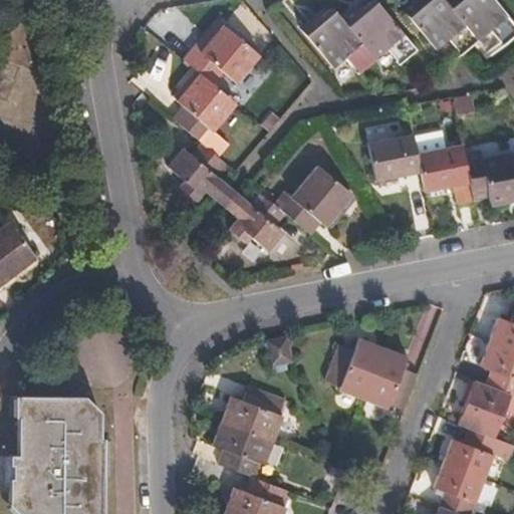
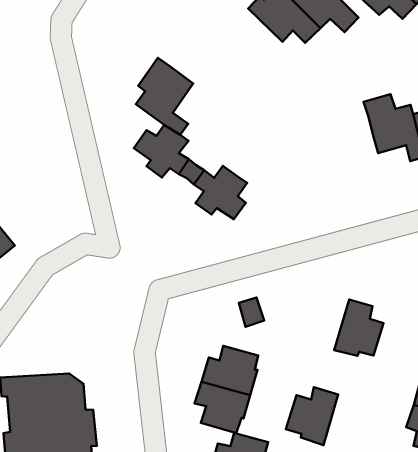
building: [185,26,261,84] -> none
building: [370,135,423,182] -> none
building: [276,168,353,236] -> none
building: [325,335,383,398] -> [286,387,338,445]

